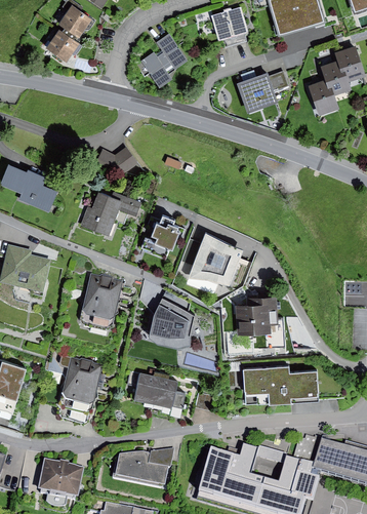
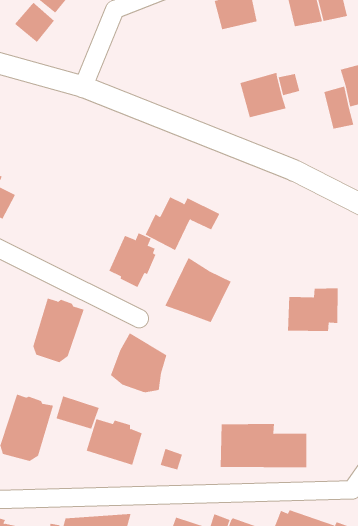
building: [141,33,188,86] -> none
building: [95,148,137,177] -> none
building: [80,191,141,236] -> [145,196,220,251]
building: [236,295,279,334] -> [287,288,338,331]
building: none -> [56,396,100,430]

